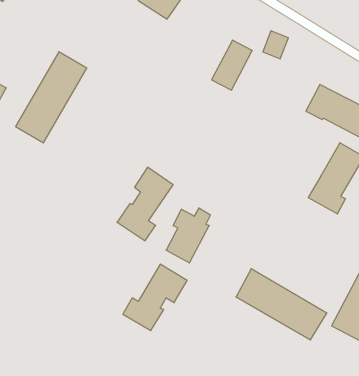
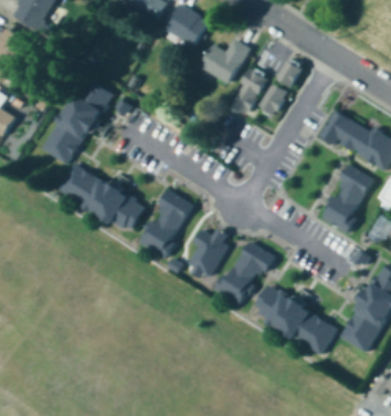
building: none -> [196,40,246,85]
building: none -> [256,81,288,115]
building: none -> [59,163,148,231]
building: [123,264,187,331] -> [214,240,275,303]

